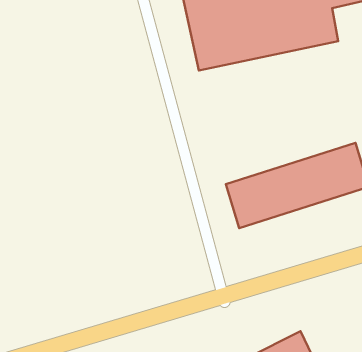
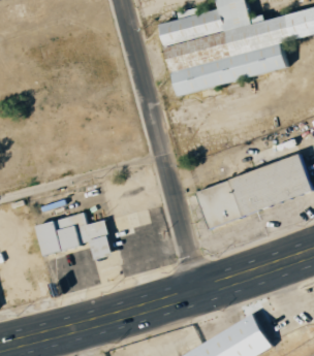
building: none -> [35,214,112,260]

